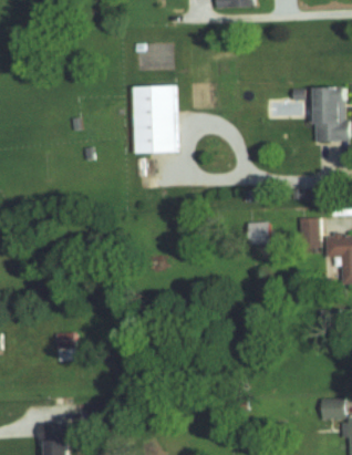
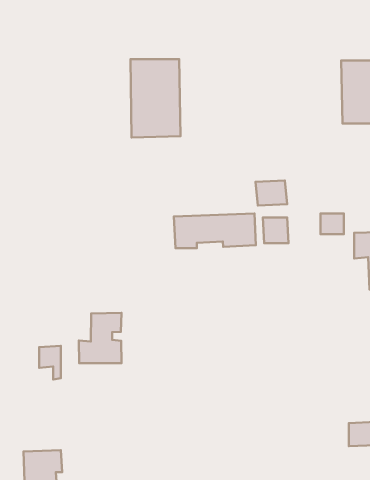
building: none -> [255,180,287,206]
building: none -> [174,213,256,248]
building: none -> [79,313,121,363]

